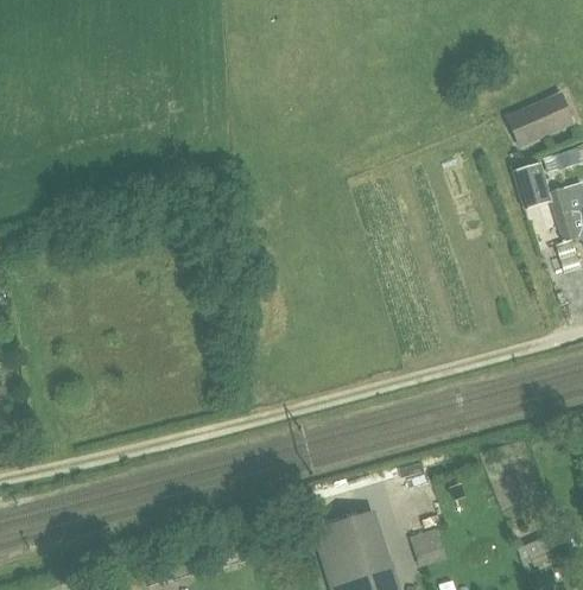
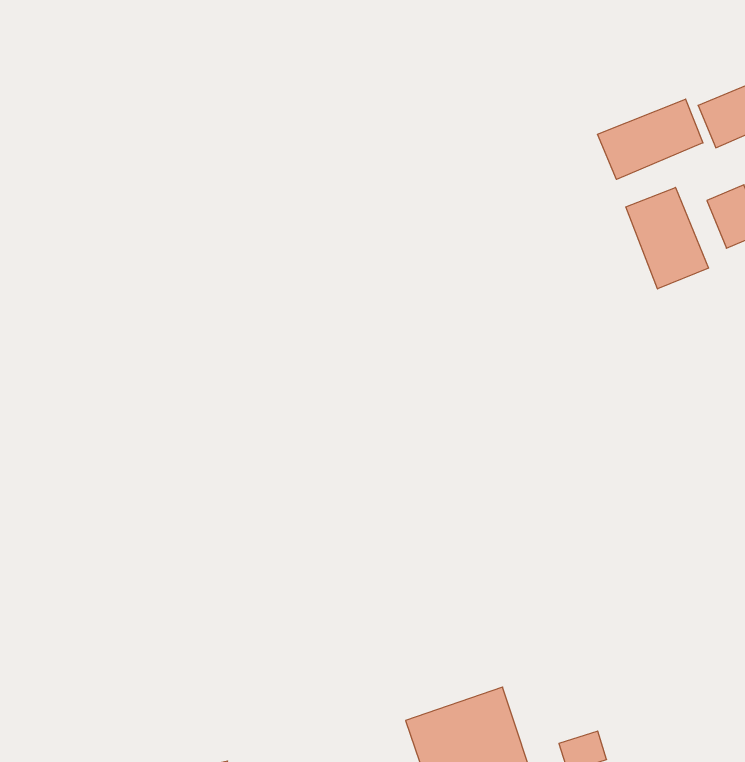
building: none -> [598,99,703,179]
building: none -> [626,187,709,289]

